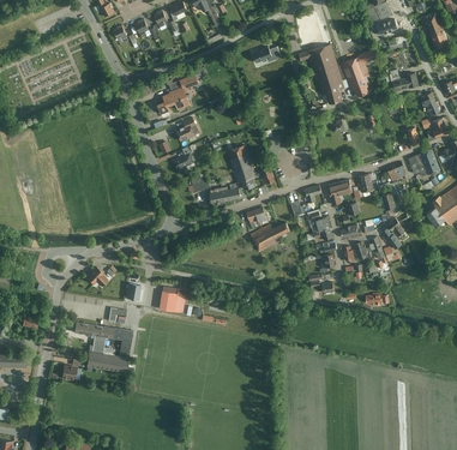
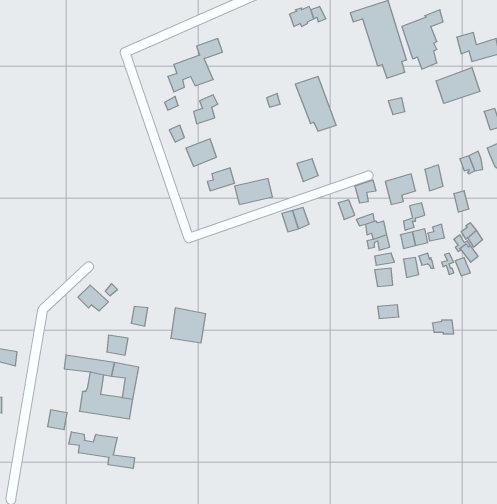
building: none -> [436,67,480,103]
building: [227,145,259,188] -> [295,76,336,131]
building: [251,220,290,252] -> none
building: none -> [69,432,134,469]

